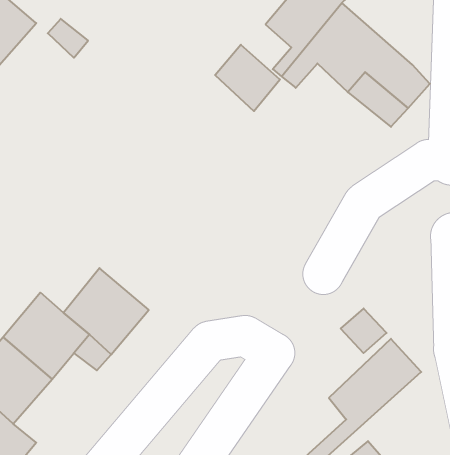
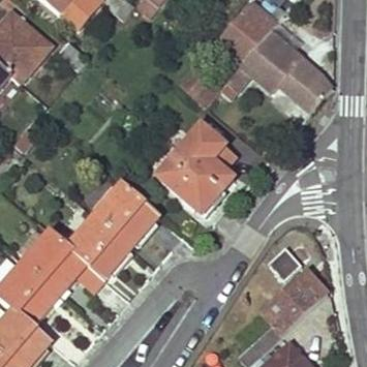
building: none -> [158,126,234,213]
building: none -> [96,185,159,249]

